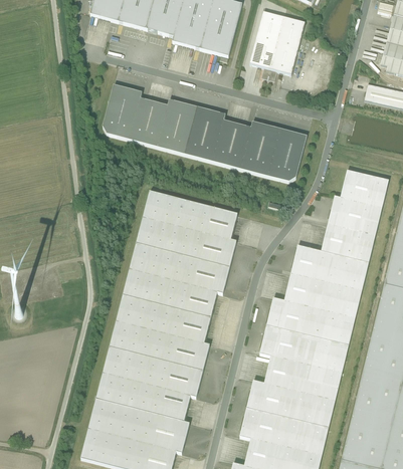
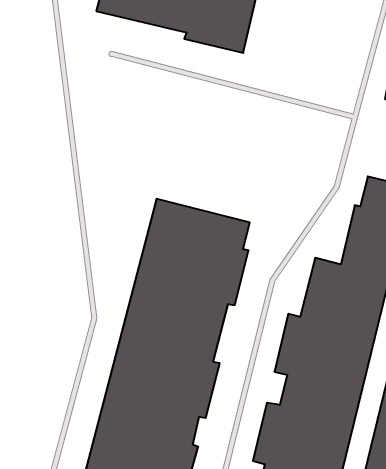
building: [250,12,306,83] -> none
building: [100,84,305,181] -> none

